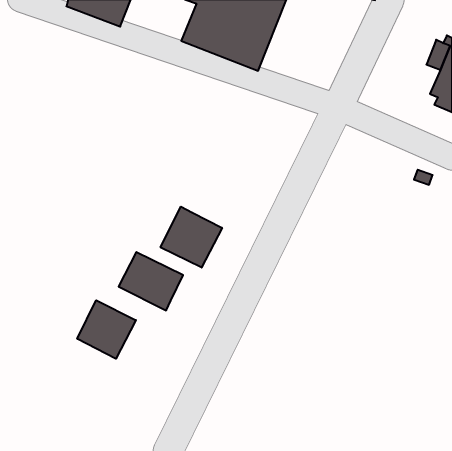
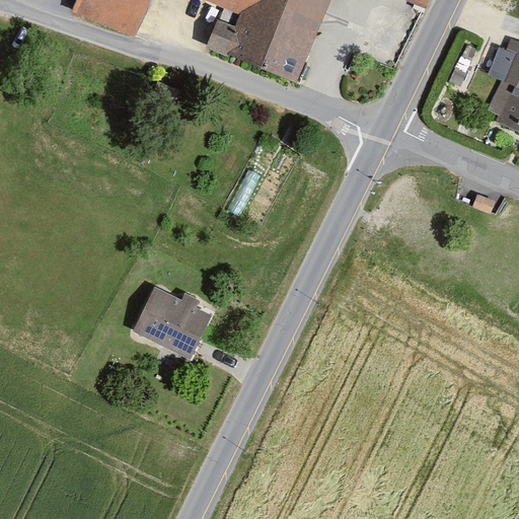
building: [161,207,222,268] -> none
building: [77,300,136,359] -> none

